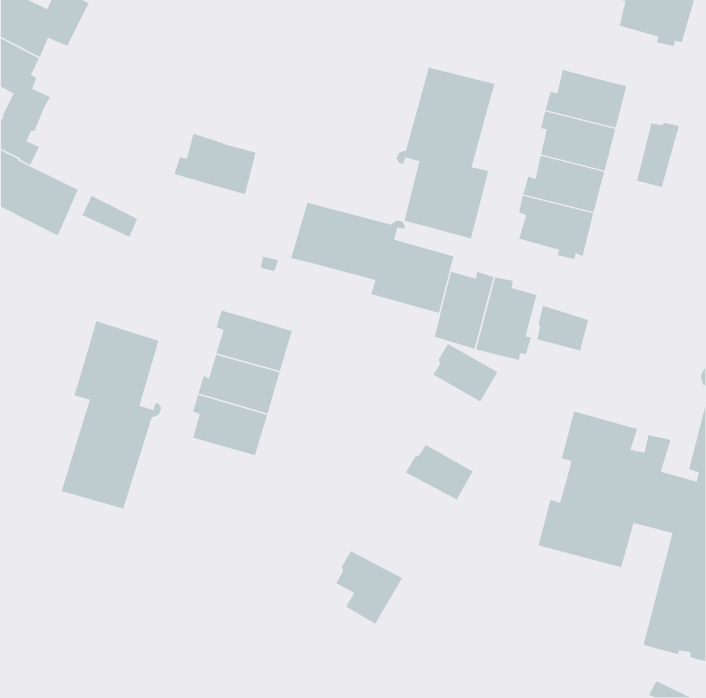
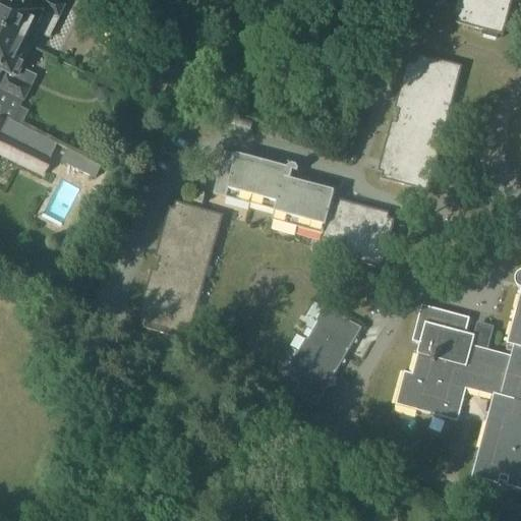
building: [396,67,496,240] -> none
building: [636,122,680,188] -> none
building: [174,133,257,195] -> [163,197,224,243]
building: [536,305,589,352] -> none
building: [60,320,162,509] -> none
building: [432,343,499,402] -> [313,303,362,347]
building: [335,550,403,625] -> [287,348,337,403]

